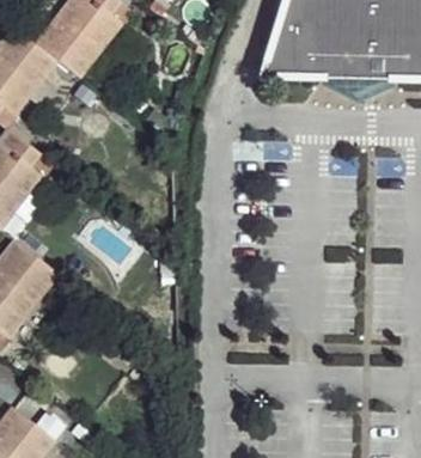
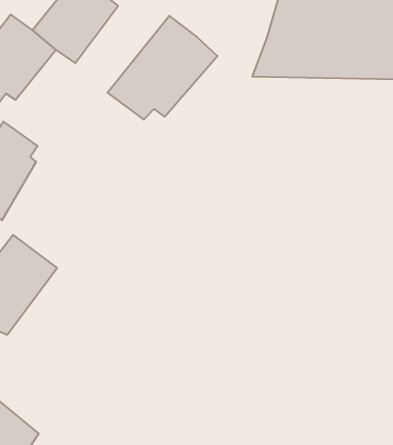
building: none -> [107,16,218,120]

